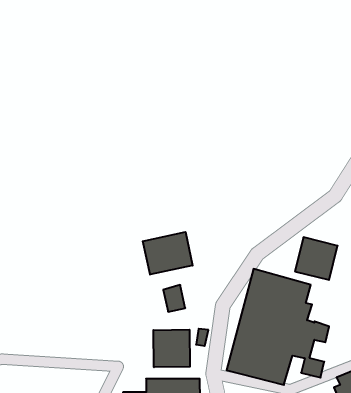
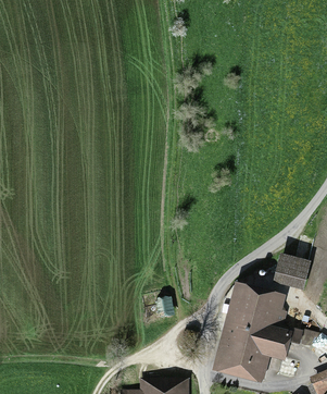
building: [143,232,193,275] -> none
building: [153,330,190,367] -> none

